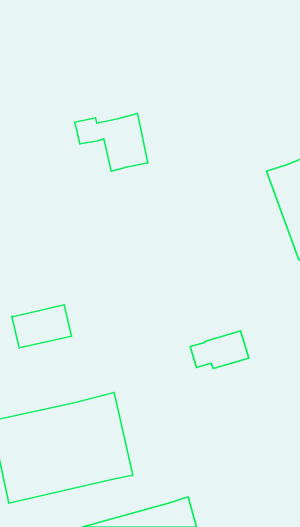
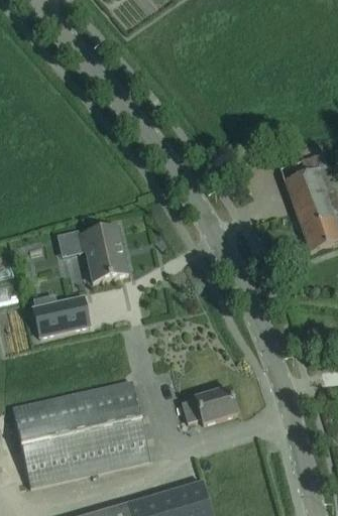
building: [75,114,148,171] -> [58,226,128,281]
building: [190,331,249,369] -> [182,387,238,423]

